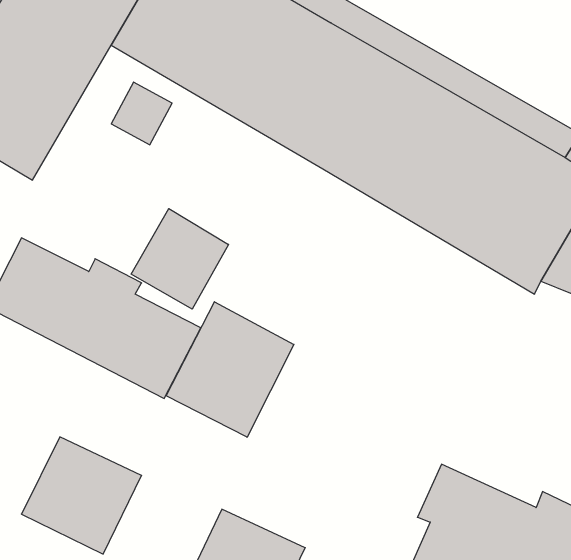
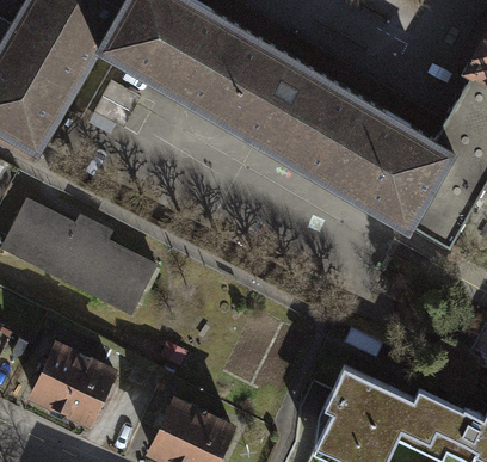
building: [131,209,229,309] -> none
building: [166,302,294,437] -> none

